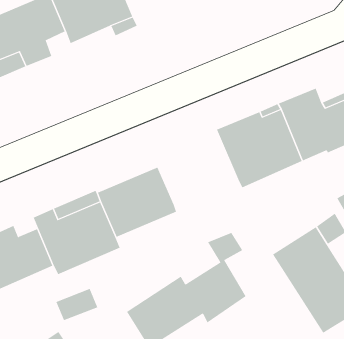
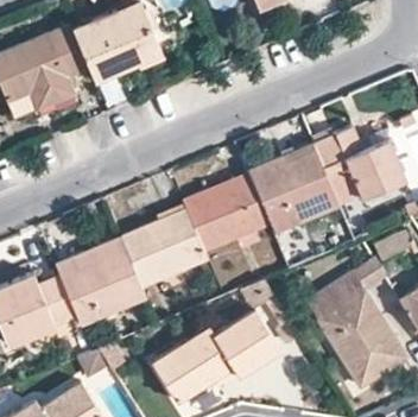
building: none -> [183,175,271,252]

